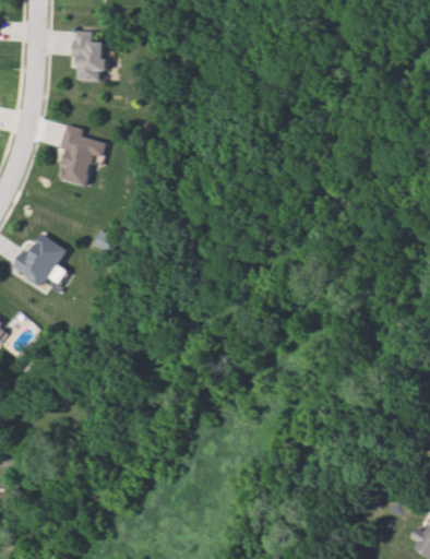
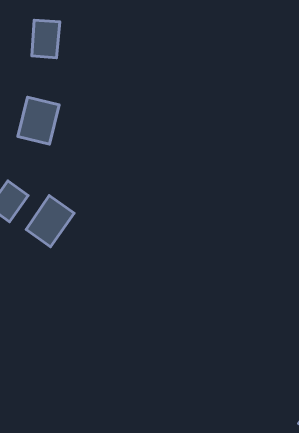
building: none -> [26,195,74,247]

